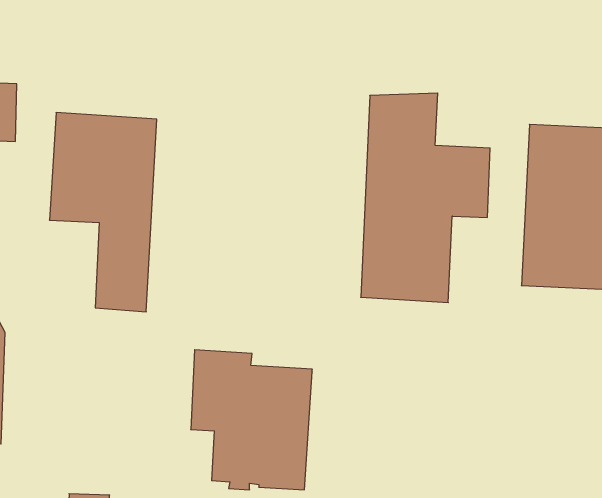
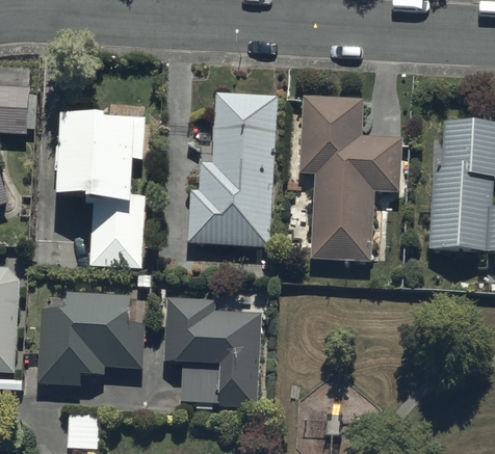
building: none -> [189,94,278,246]
building: none -> [37,294,145,384]

